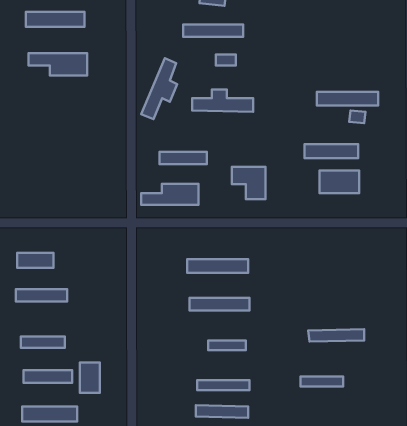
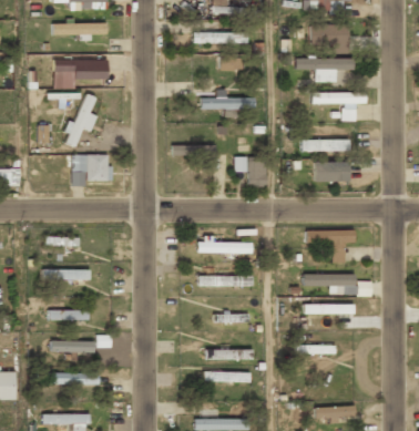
building: none -> [311,24,348,50]
building: none -> [296,59,354,82]
building: [141,58,177,119] -> [64,93,96,147]
building: none -> [71,155,111,182]
building: [141,184,198,205] -> none
building: none -> [306,230,354,263]
building: none -> [304,274,357,294]
building: [80,362,100,393] -> none

